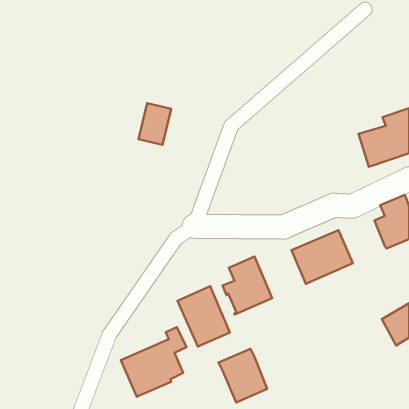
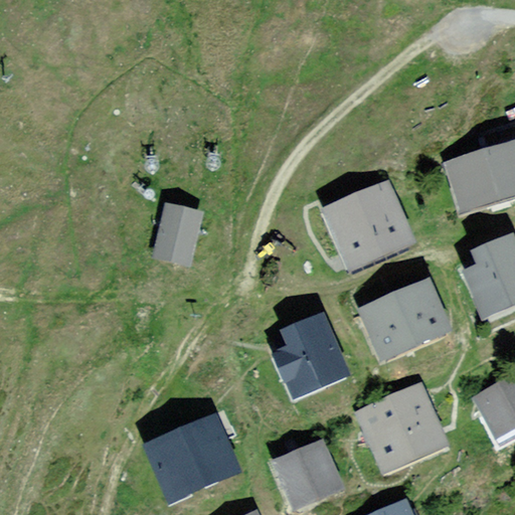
building: [138,103,171,145] -> [157,210,198,263]
building: none -> [330,193,406,266]
building: [177,286,230,347] -> none
building: none -> [362,392,441,469]

